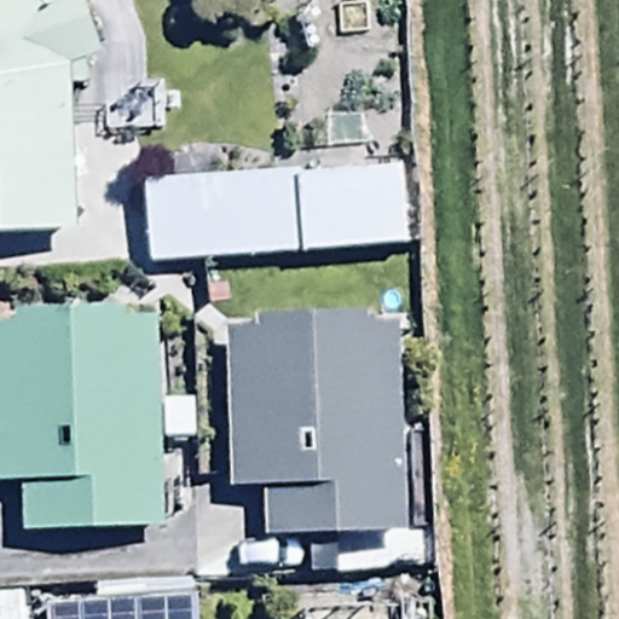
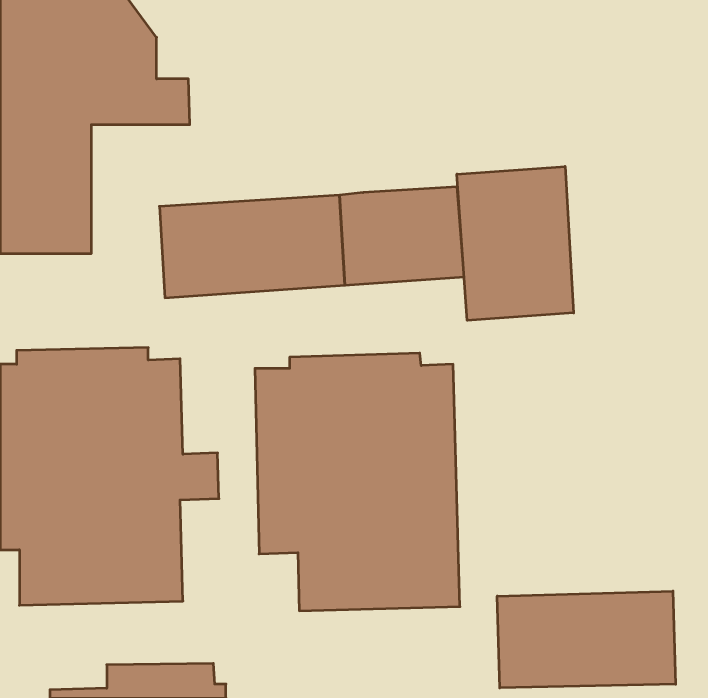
building: none -> [457,166,574,320]
building: none -> [497,591,676,688]

